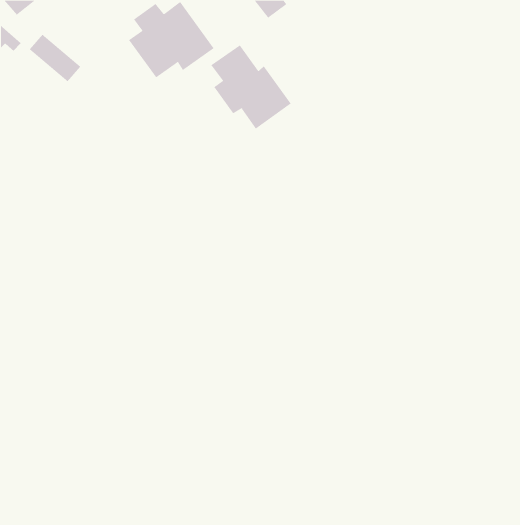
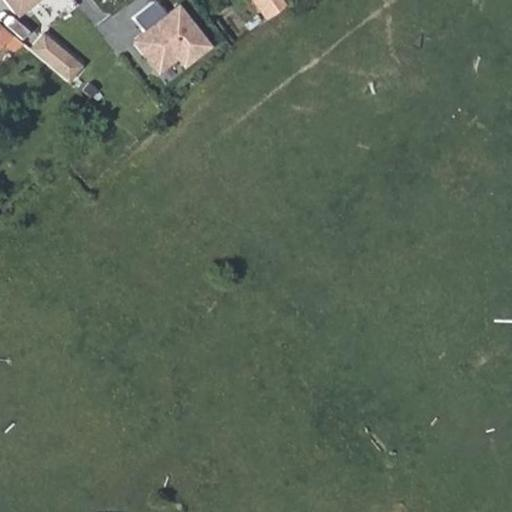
building: [211,44,292,129] -> none

